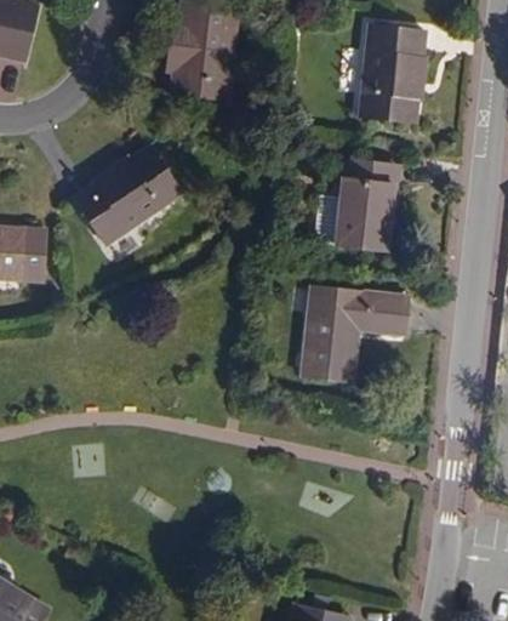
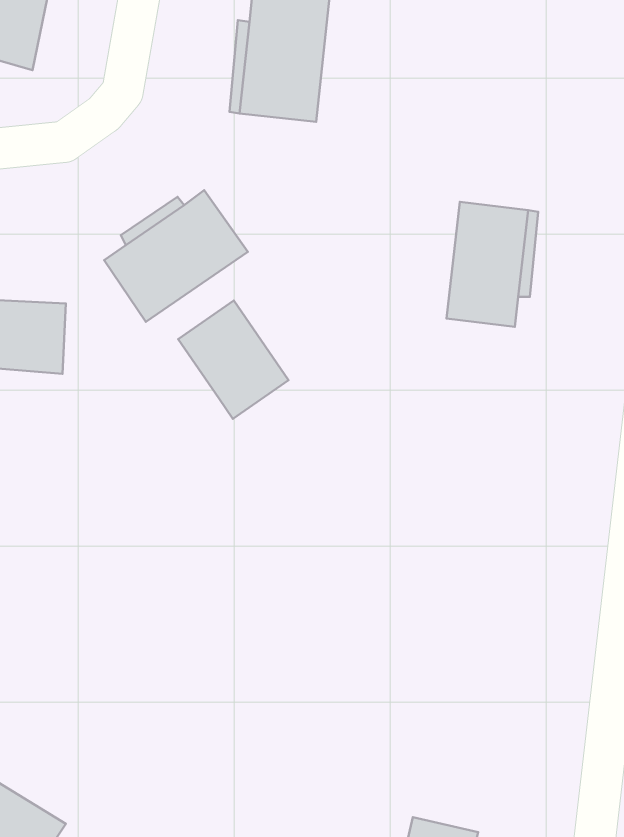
building: [354,27,418,123] -> none
building: none -> [178,300,289,419]
building: [297,286,401,380] -> none

